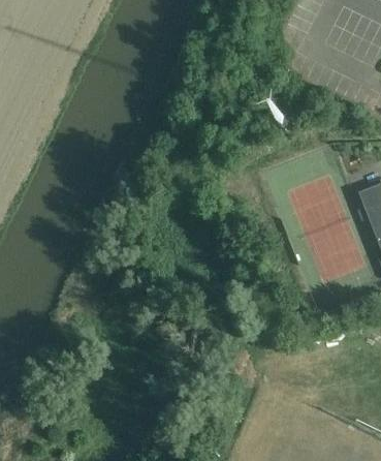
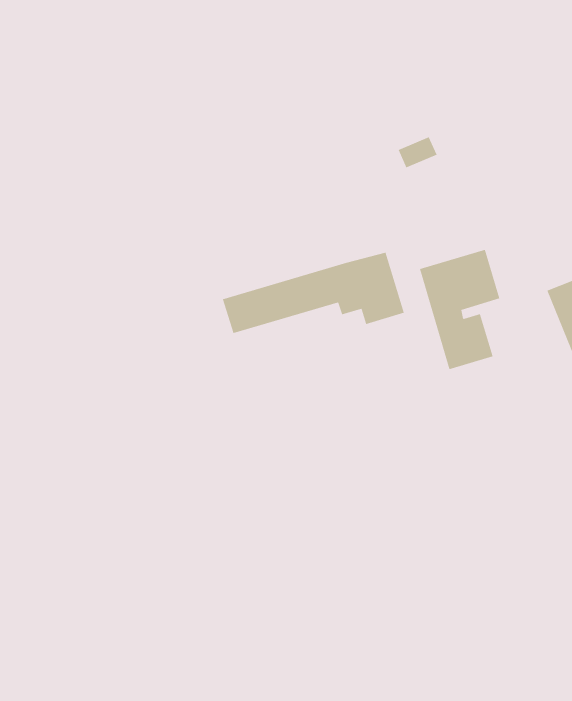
building: none -> [222,252,404,334]

